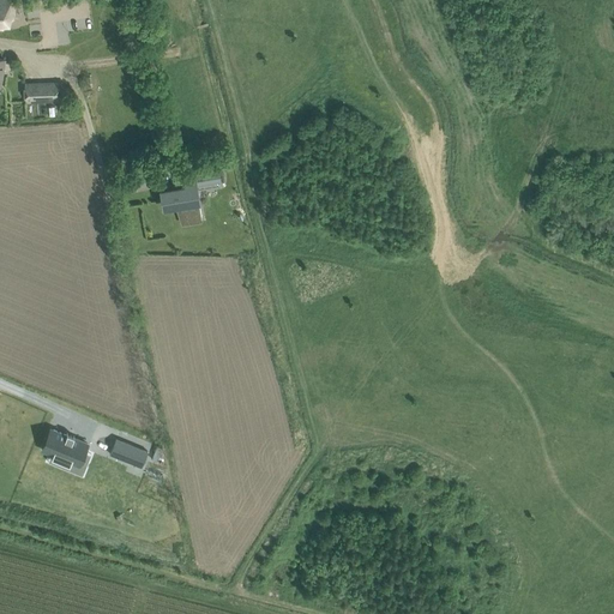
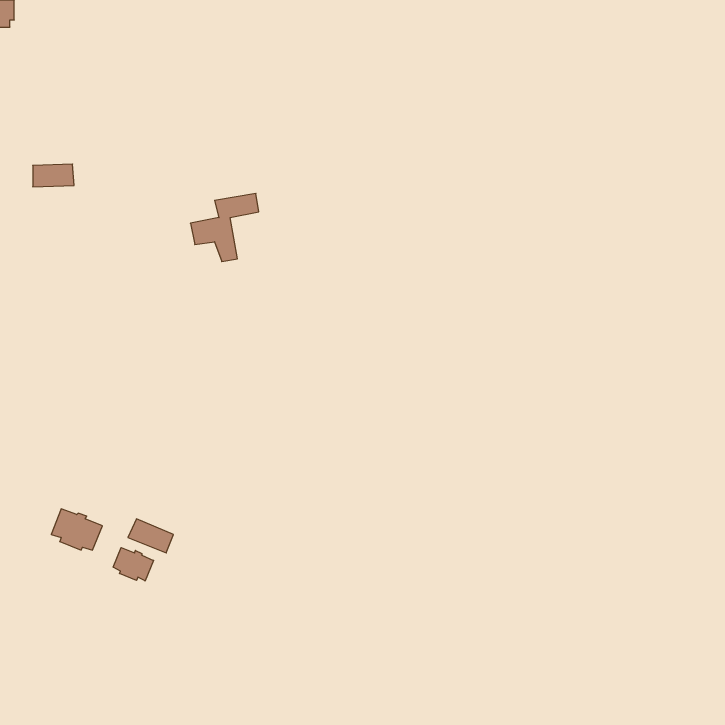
building: [24,84,59,103] -> [33,164,74,187]
building: none -> [113,548,154,581]

